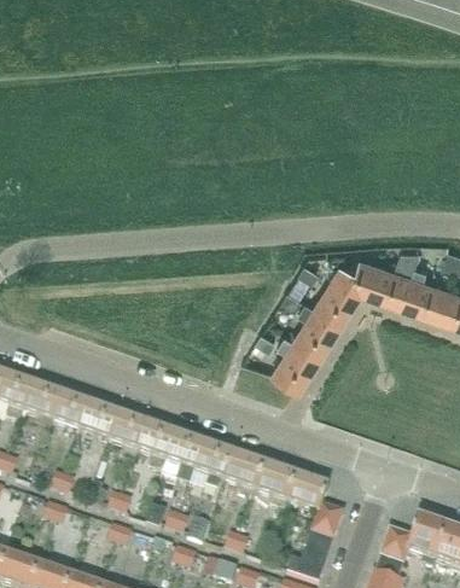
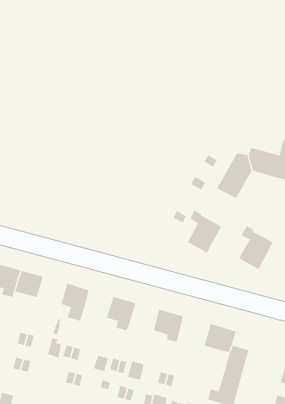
building: [295,297,339,354] -> [239,225,273,270]
building: [81,403,120,450] -> none
building: [139,424,176,466] -> none
building: [196,443,233,490] -> none
building: [256,464,297,507] -> none

